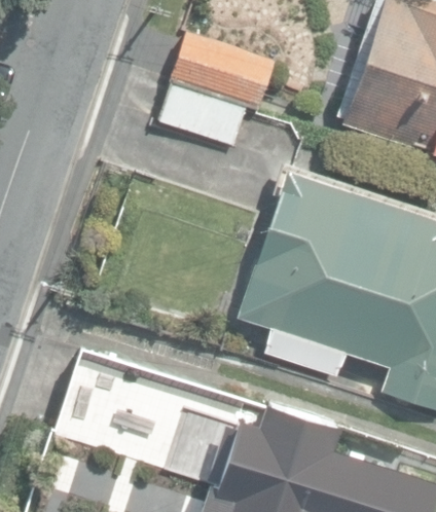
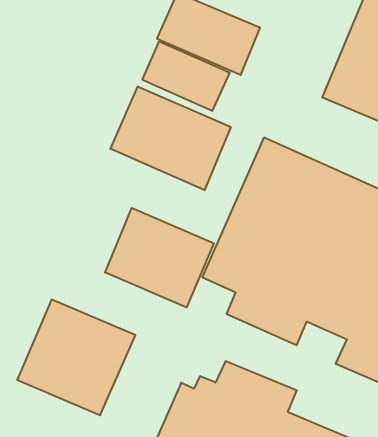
building: none -> [110,86,231,190]
building: none -> [105,208,214,307]

